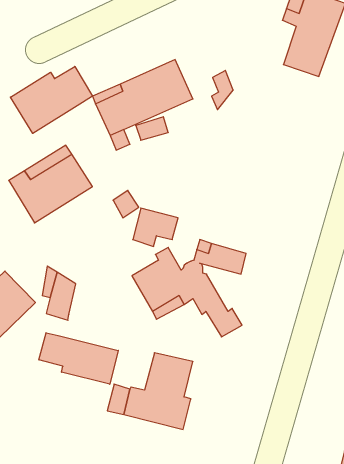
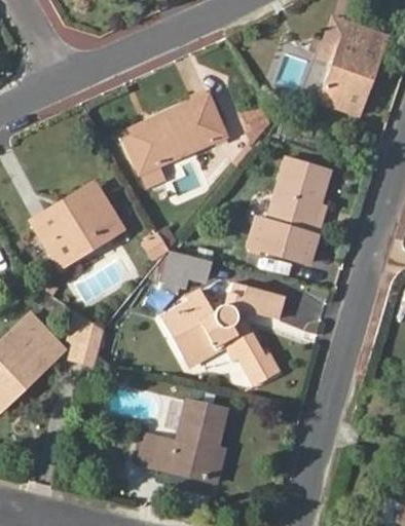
building: [10,66,92,133] -> none
building: none -> [252,155,332,261]
building: [39,333,118,384] -> none

